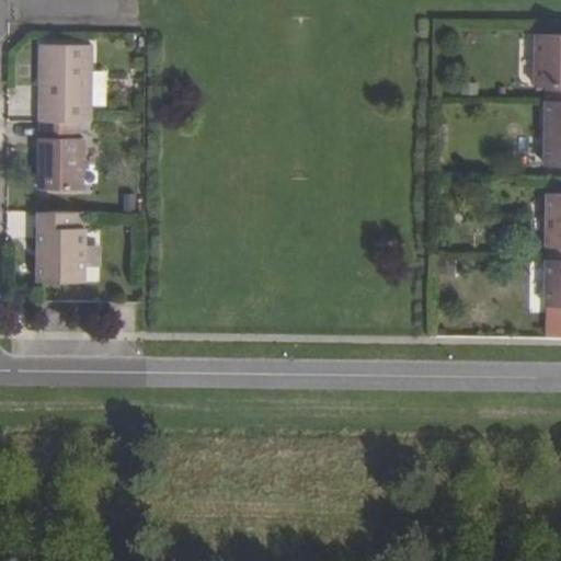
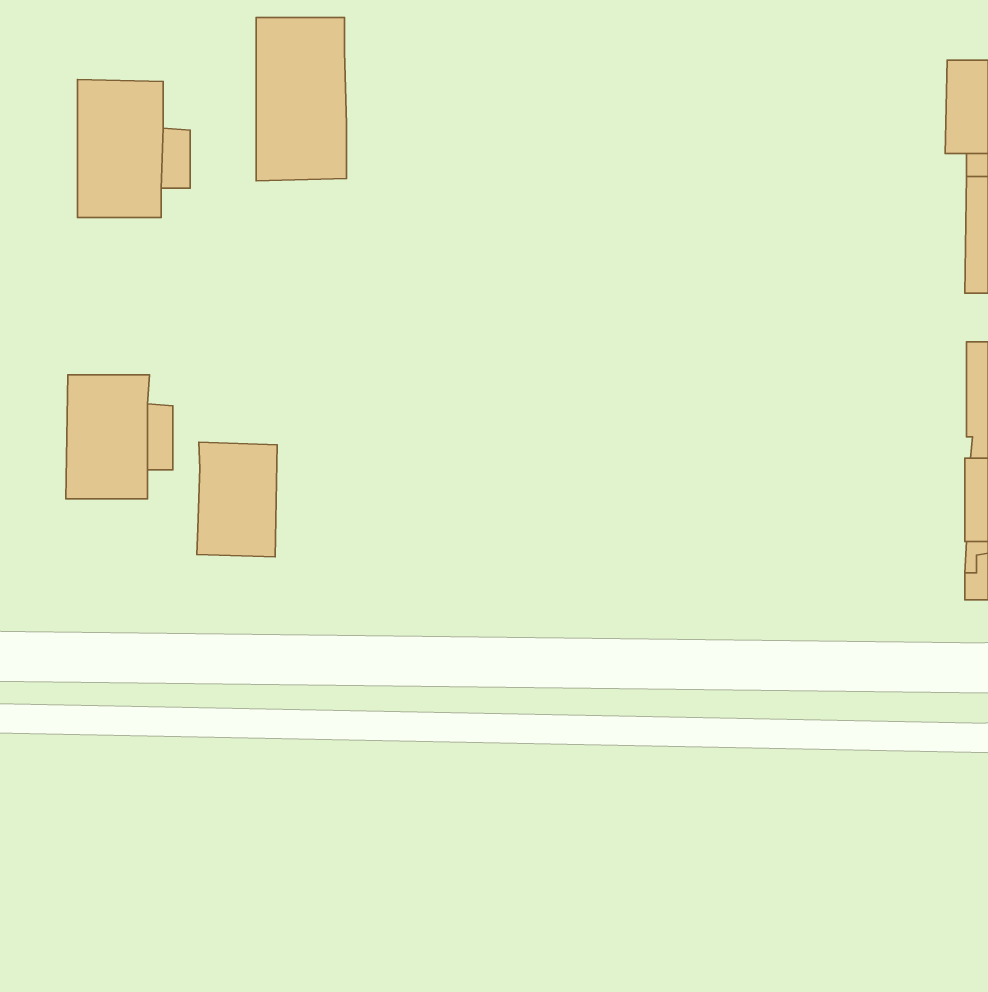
building: none -> [256,18,347,181]
building: [43,123,91,191] -> none
building: none -> [197,442,277,557]

